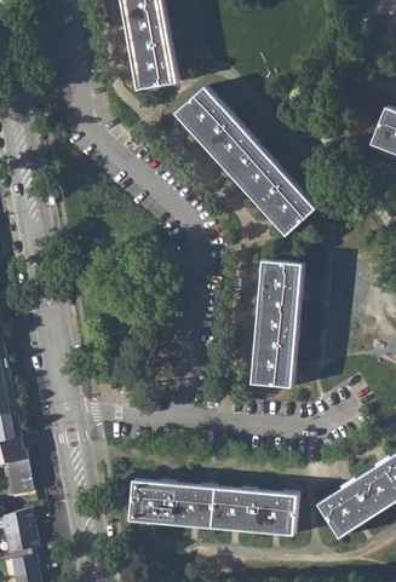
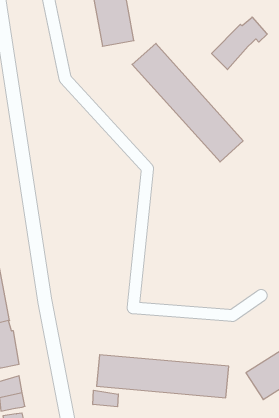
building: none -> [212,17,267,70]
building: [251,260,302,387] -> none
building: none -> [93,390,118,407]

